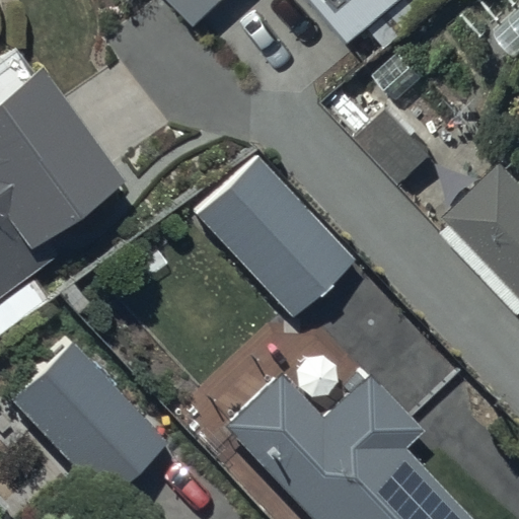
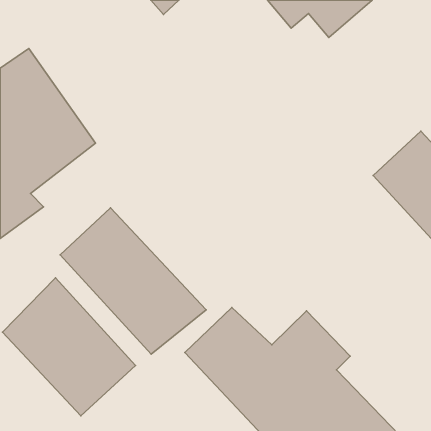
building: [193,157,353,320] -> none
building: none -> [60,208,206,354]

